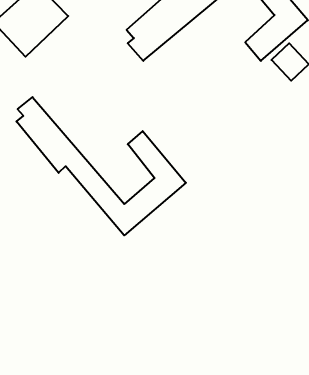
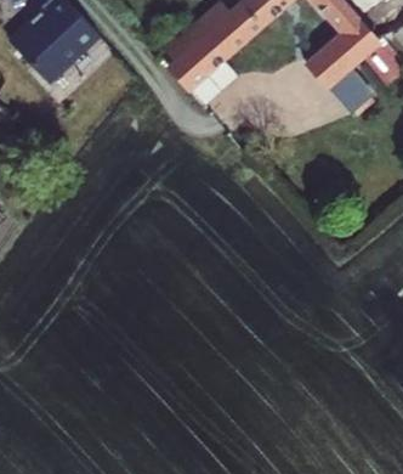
building: [16,97,186,235] -> none

